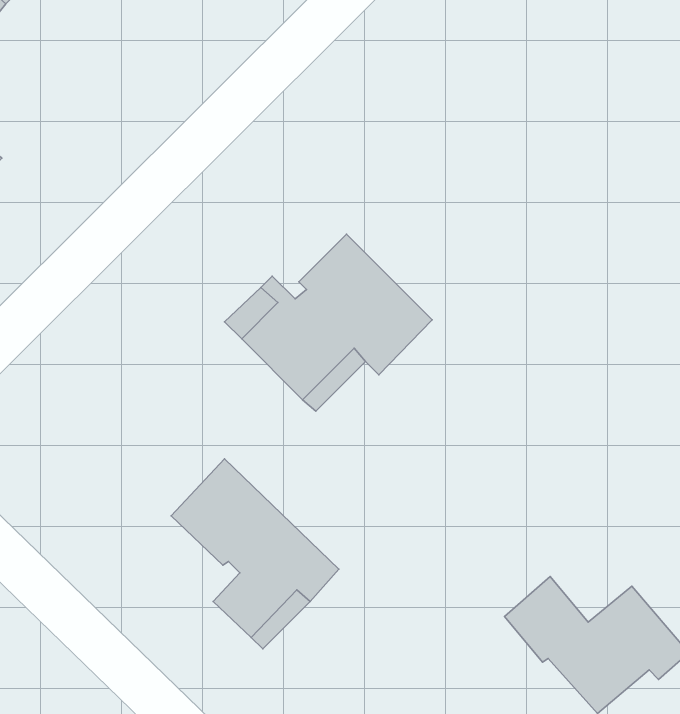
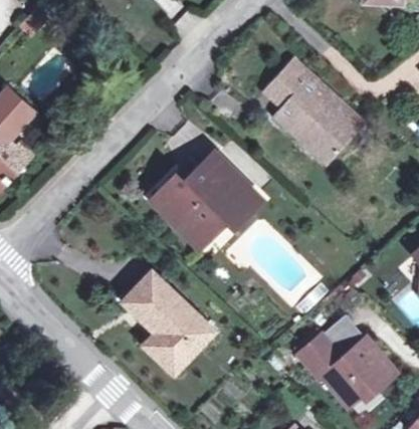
building: none -> [263,55,365,163]
building: none -> [323,314,366,358]

